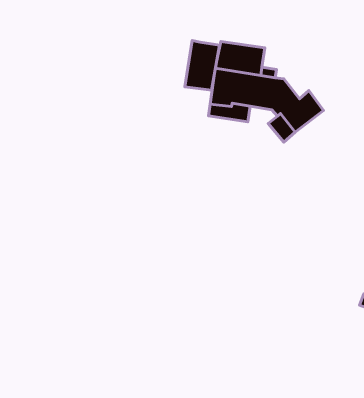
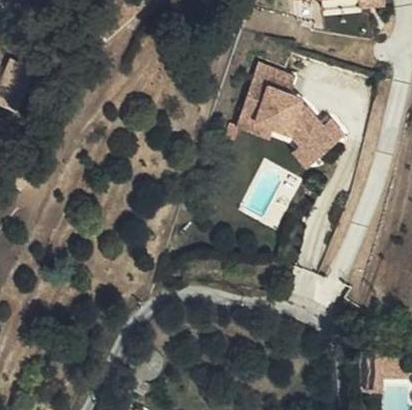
building: [185,41,219,90] -> none

